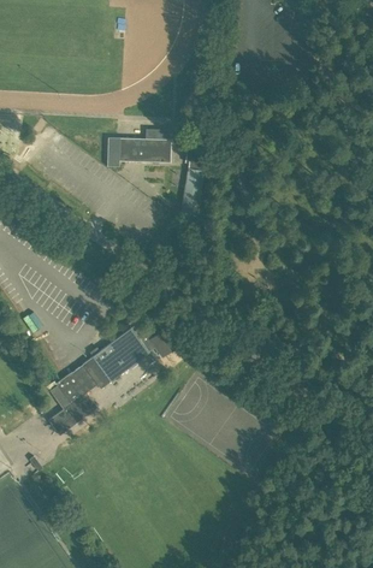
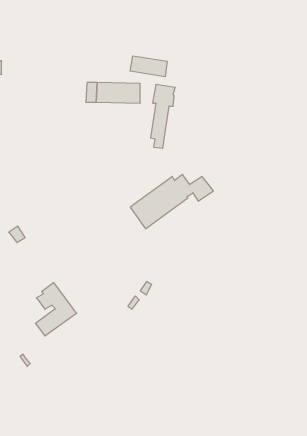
building: none -> [130,56,167,77]
building: [79,325,177,389] -> [130,174,213,229]

